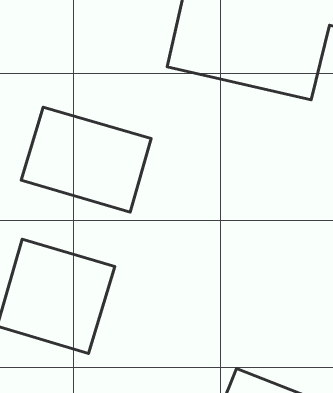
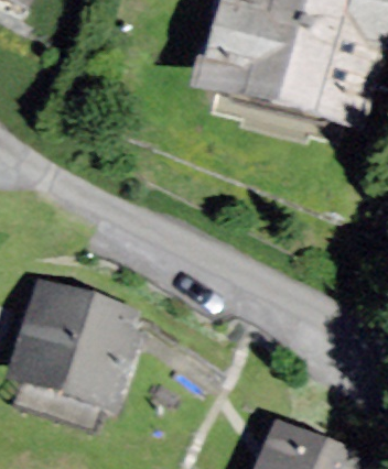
building: [21,107,151,212] -> none

